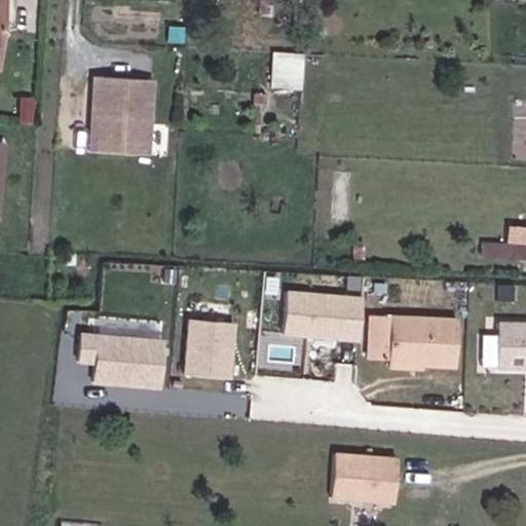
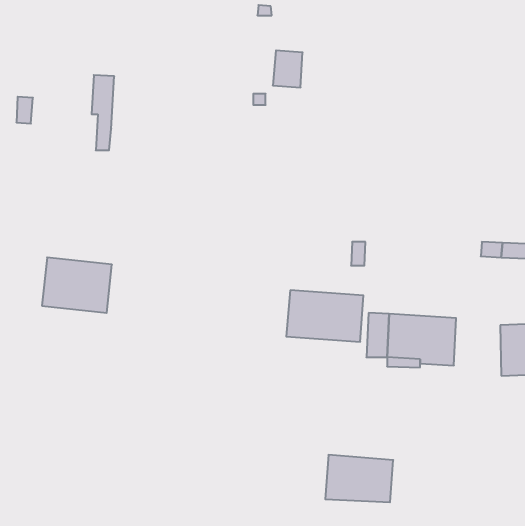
building: [110,76,152,152] -> none
building: [184,323,238,381] -> none
building: [95,334,164,389] -> [42,257,112,313]

